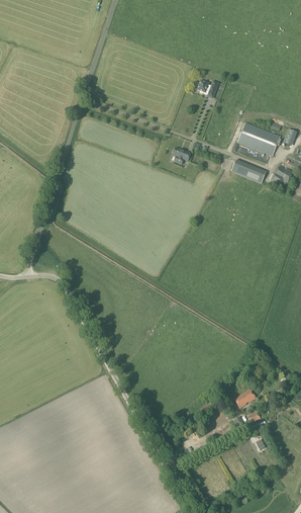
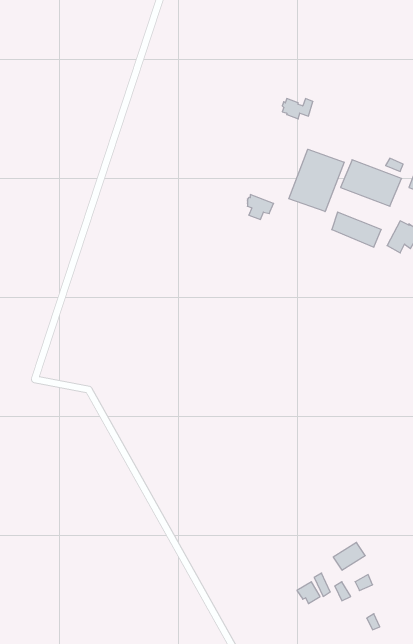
building: none -> [289,149,344,212]

